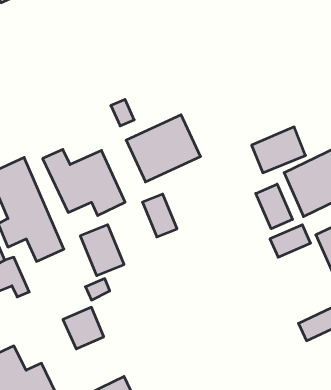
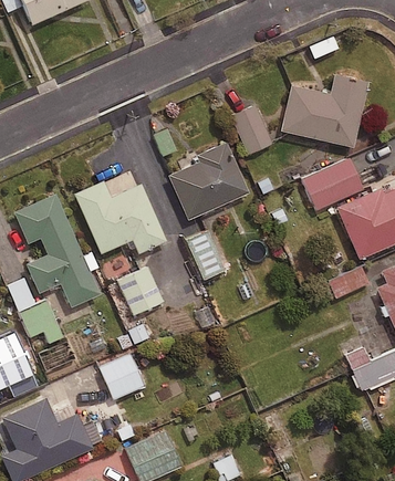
building: none -> [279,73,368,148]
building: none -> [231,102,274,154]
building: [256,184,293,229] -> none

